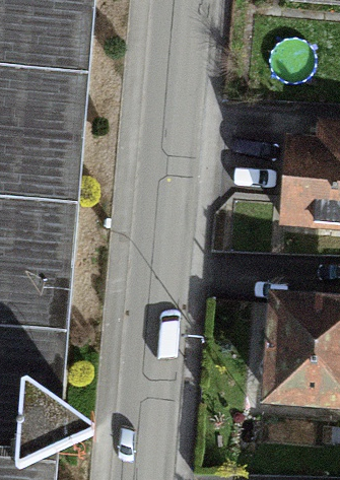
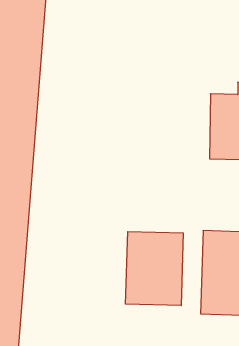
building: none -> [126,232,183,306]

